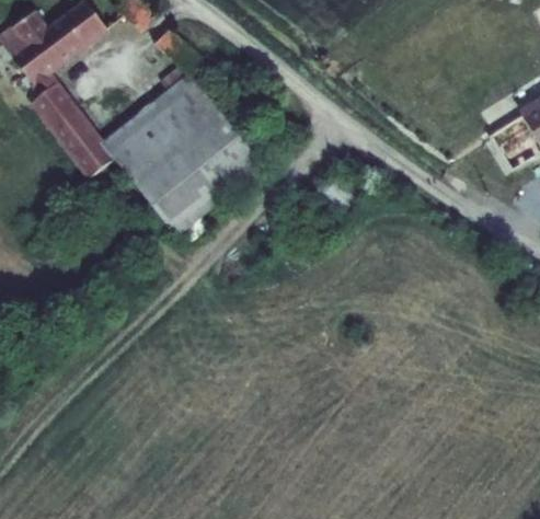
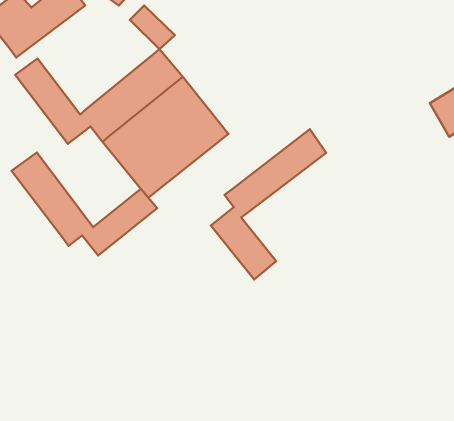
building: none -> [211,129,326,280]
building: none -> [11,152,157,256]

